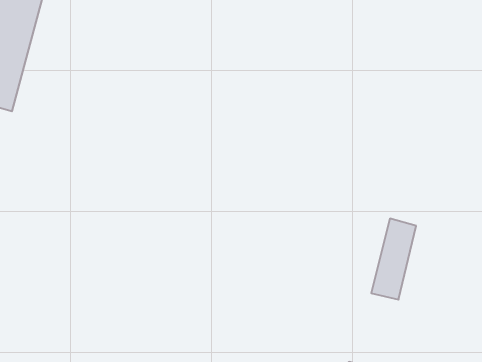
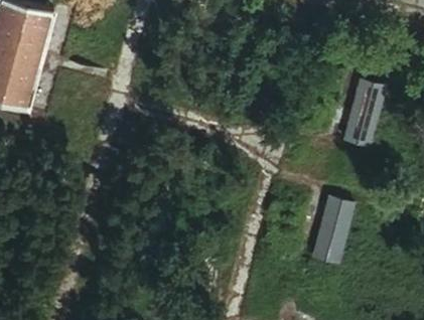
building: none -> [345,81,383,145]

